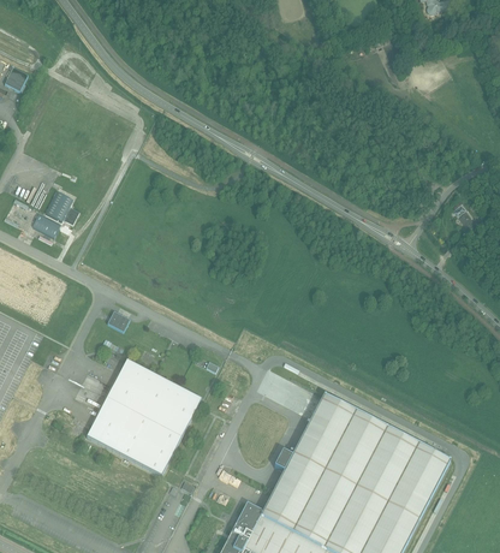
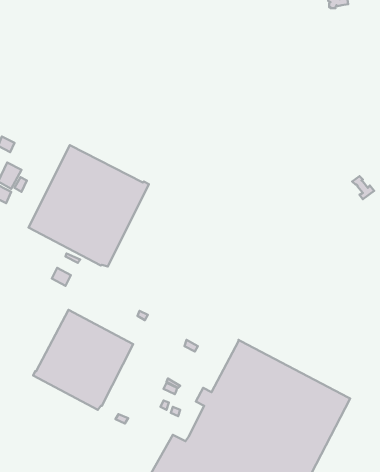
building: none -> [29,145,149,267]

